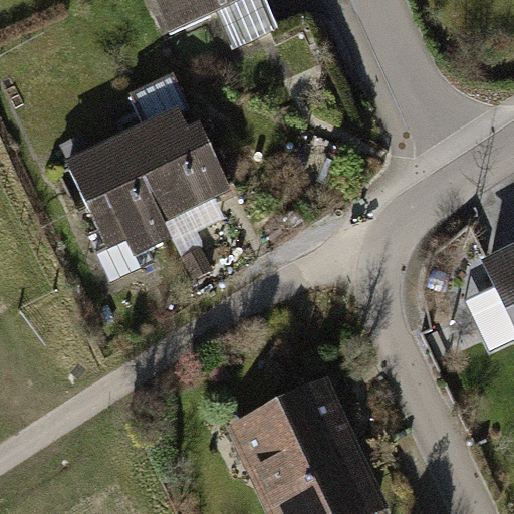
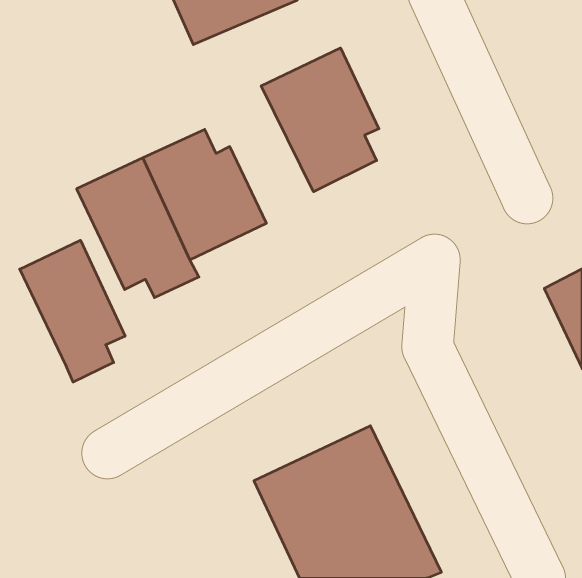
building: none -> [261,48,379,192]
building: none -> [20,240,125,382]

